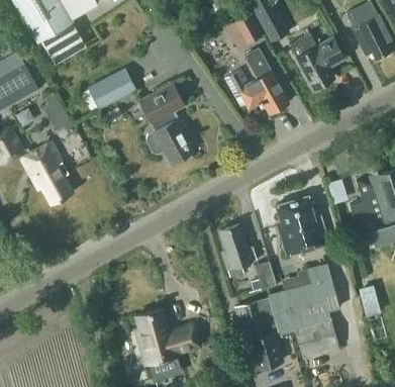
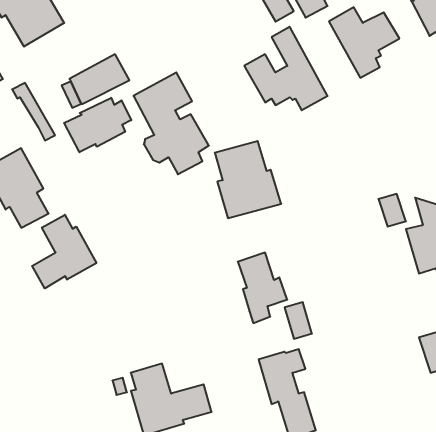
building: none -> [64,98,131,152]
building: none -> [32,215,96,288]
building: [276,196,327,256] -> [215,141,281,218]
building: [270,265,337,358] -> none

